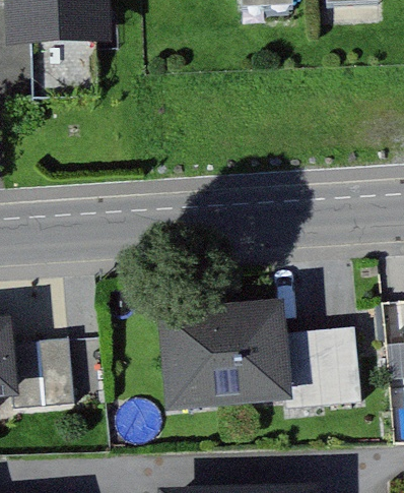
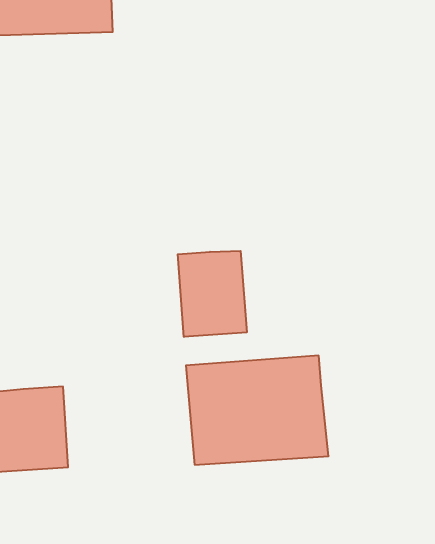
building: none -> [178,251,247,337]
building: [280,331,359,394] -> none

